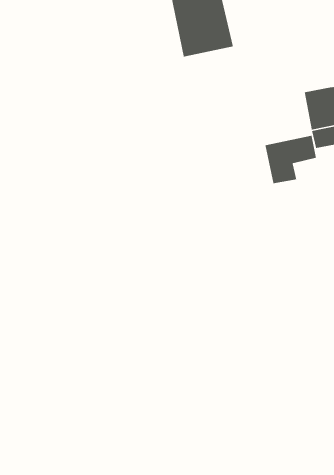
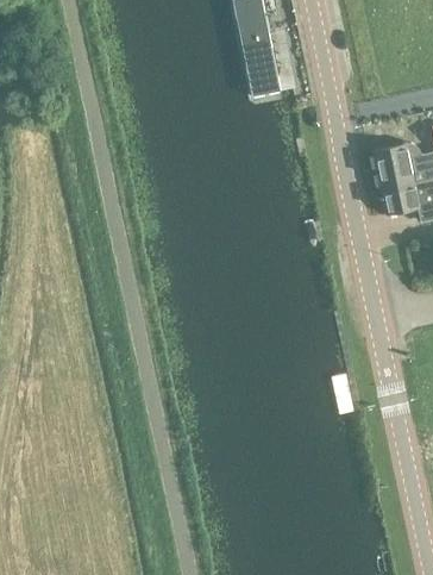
building: [265,135,317,184] -> none

